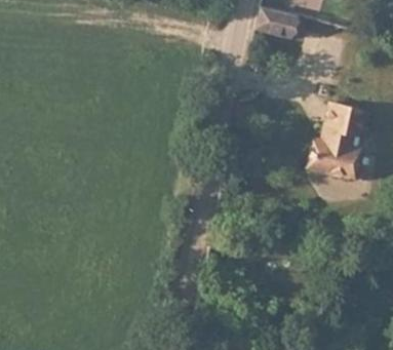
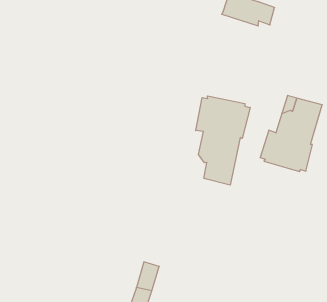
building: none -> [196,96,250,185]

